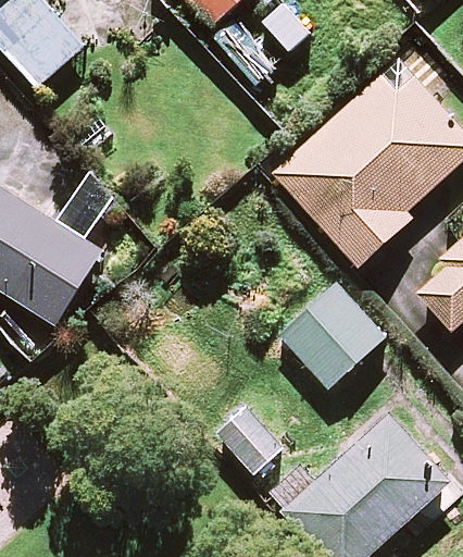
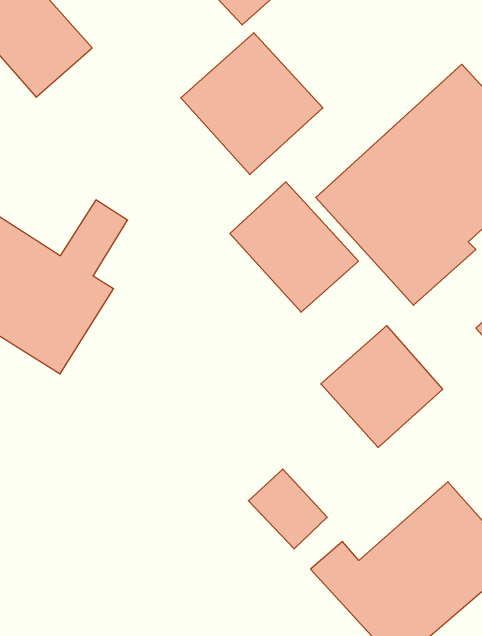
building: none -> [181,33,323,175]
building: none -> [230,182,358,312]

